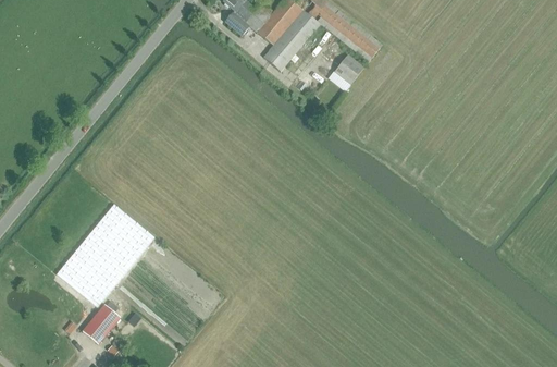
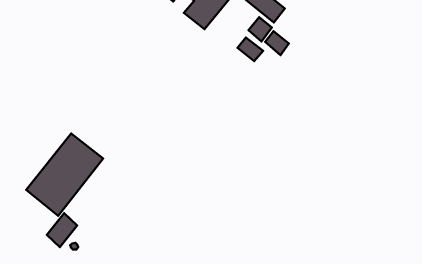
building: none -> [265,31,289,55]
building: none -> [238,38,263,61]

